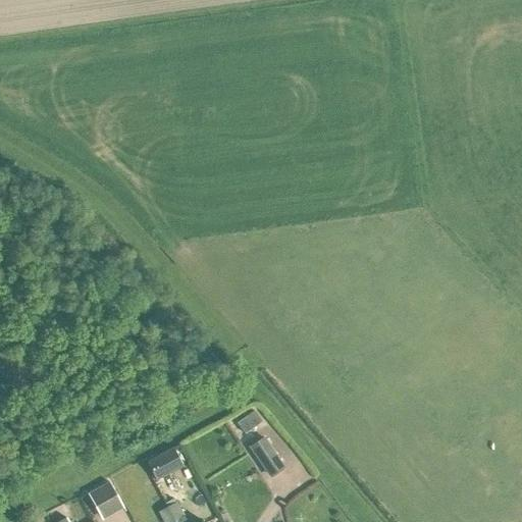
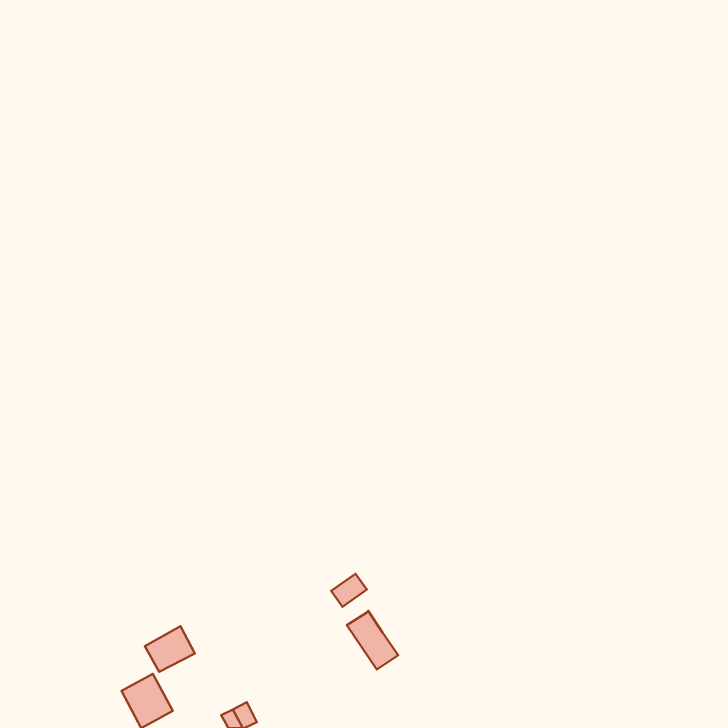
building: [148,448,184,480] -> [145,626,195,672]

